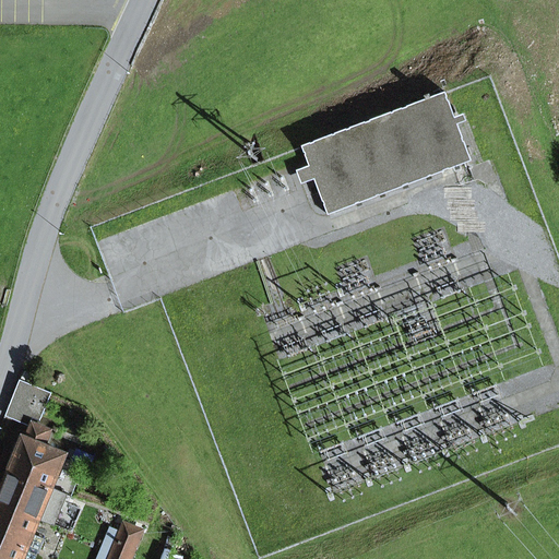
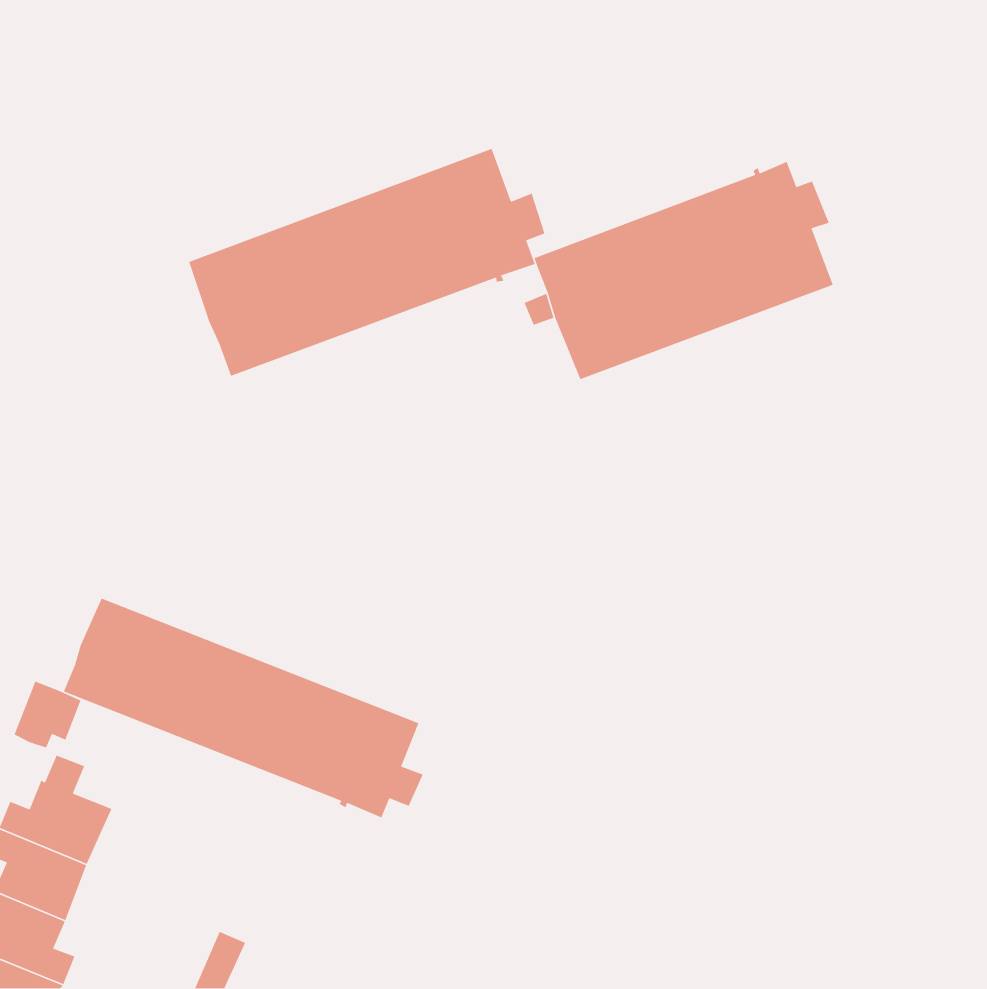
building: none -> [188,148,546,377]
building: none -> [63,598,424,818]

